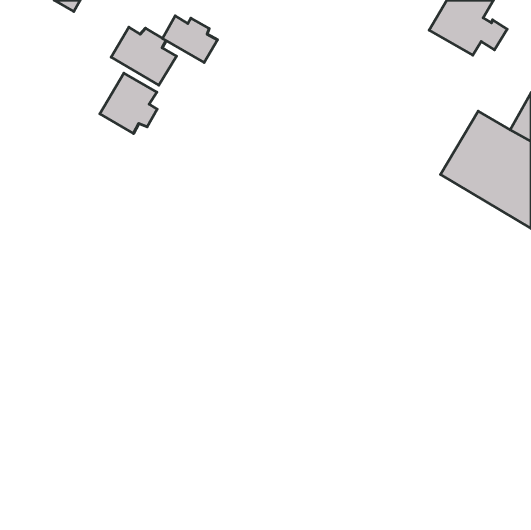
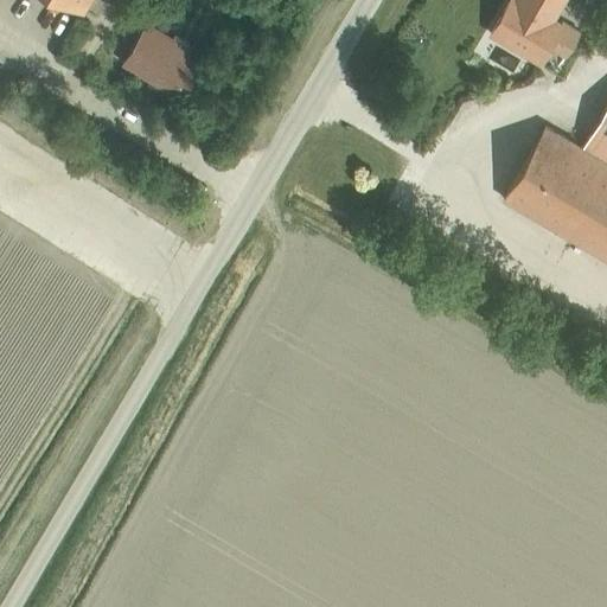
building: [163,16,217,63] -> none
building: [100,73,157,134] -> none

